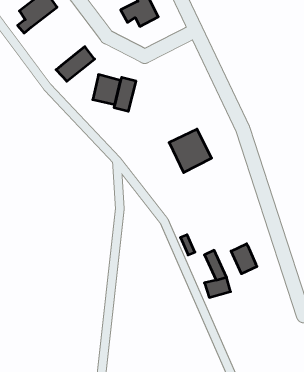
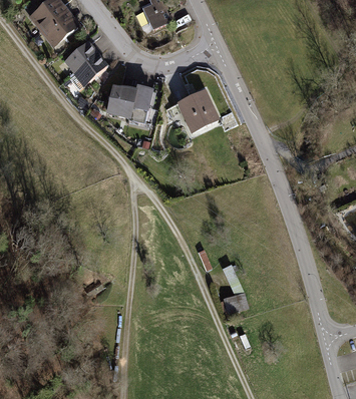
building: none -> [42,12,82,49]
building: none -> [63,40,98,73]
building: [169,129,212,173] -> [176,90,221,135]
building: [231,244,257,274] -> none

